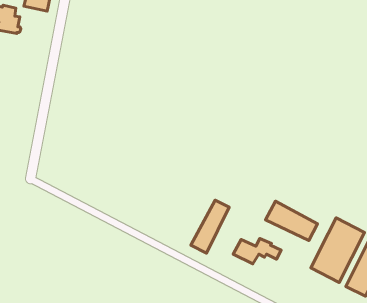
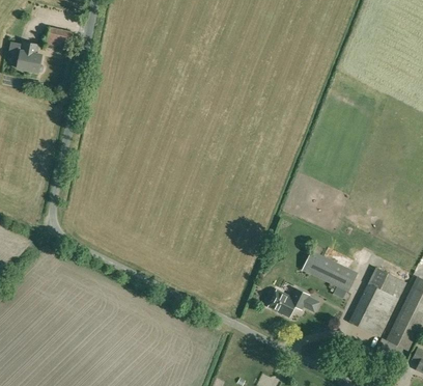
building: [191,200,229,253] -> none

